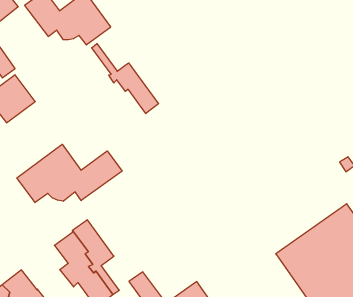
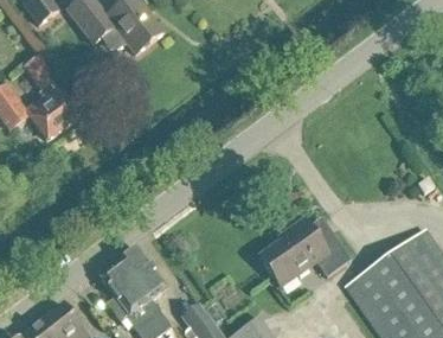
building: [92,44,159,114] -> none
building: [17,144,122,203] -> none
building: none -> [257,218,349,286]

